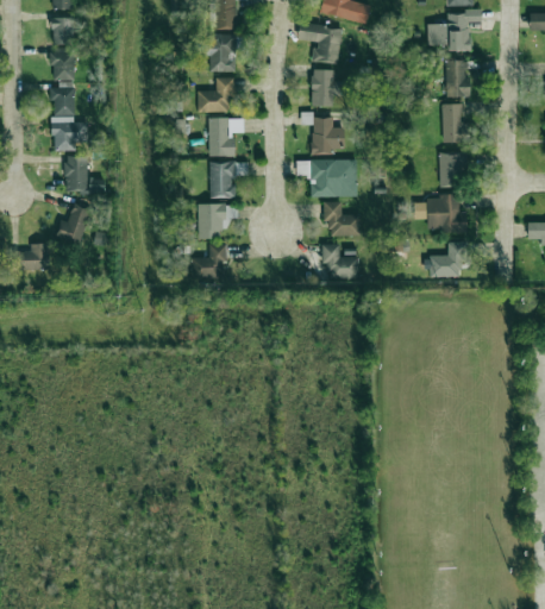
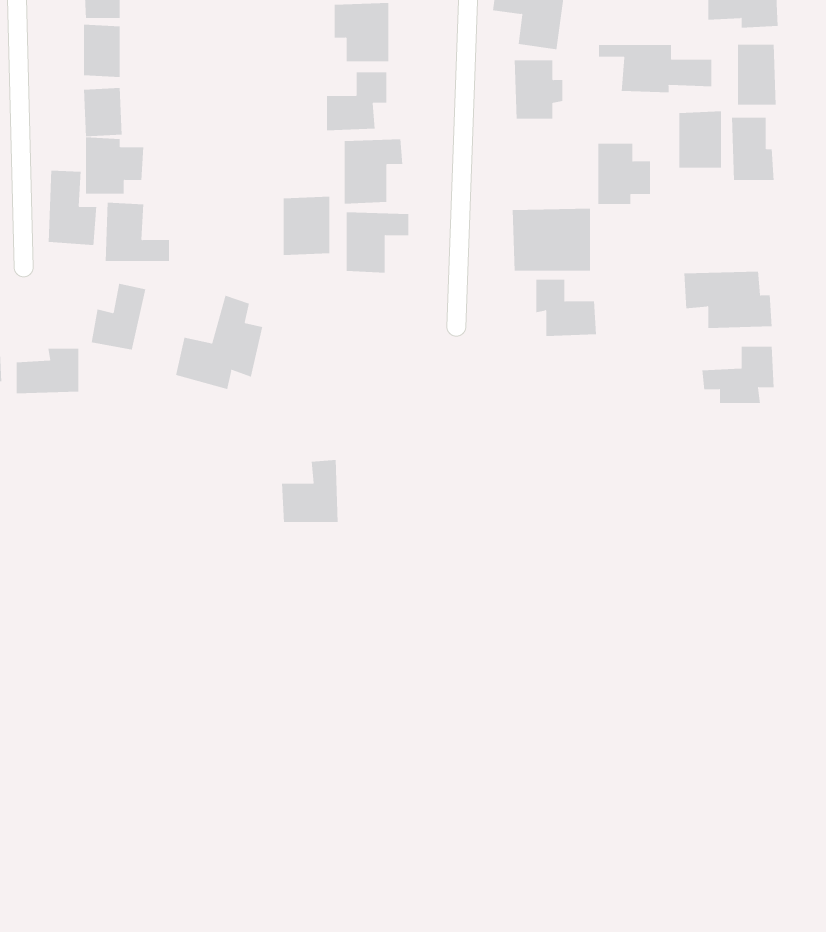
building: none -> [599,44,712,93]
building: [312,118,344,155] -> [597,143,651,204]
building: none -> [48,170,97,246]
building: [439,152,465,187] -> [679,111,722,168]
building: [198,203,226,239] -> [283,196,330,255]
building: none -> [176,295,263,390]
building: [190,244,225,282] -> [281,459,339,523]
building: [321,244,358,280] -> none

